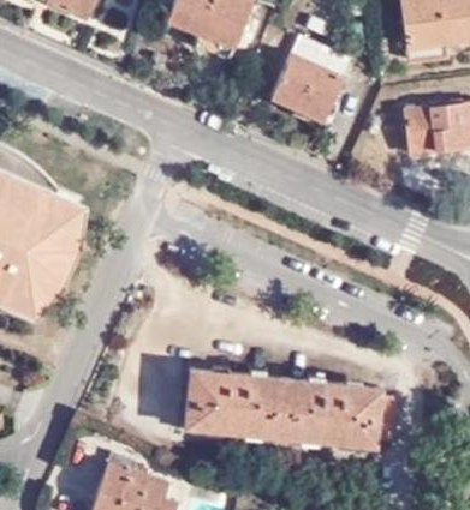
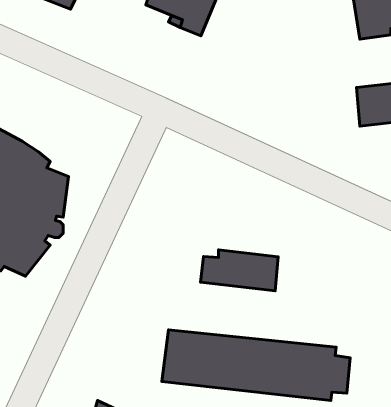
building: [269,31,344,114] -> none
building: none -> [200,250,278,291]

